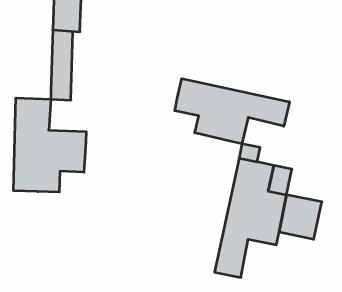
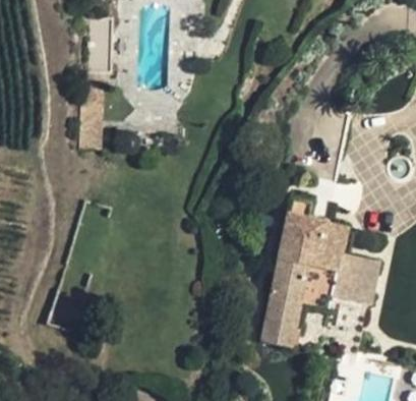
building: [175,79,289,144] -> none
building: [14,98,86,192] -> none

